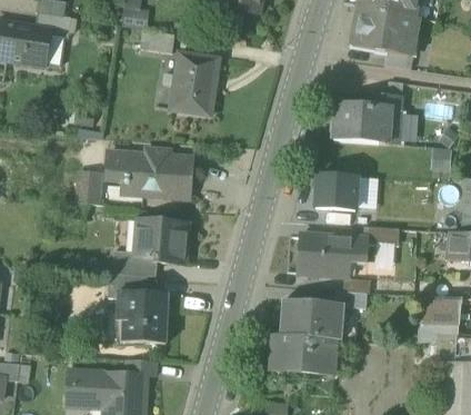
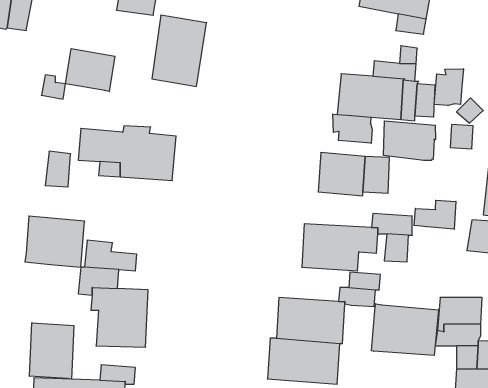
building: none -> [66,49,115,92]
building: none -> [434,69,463,106]
building: none -> [333,114,372,143]
building: none -> [384,121,435,160]
building: none -> [414,200,456,229]
building: [134,219,187,264] -> [25,216,85,267]
building: none -> [371,304,438,355]
building: none -> [29,323,74,379]

